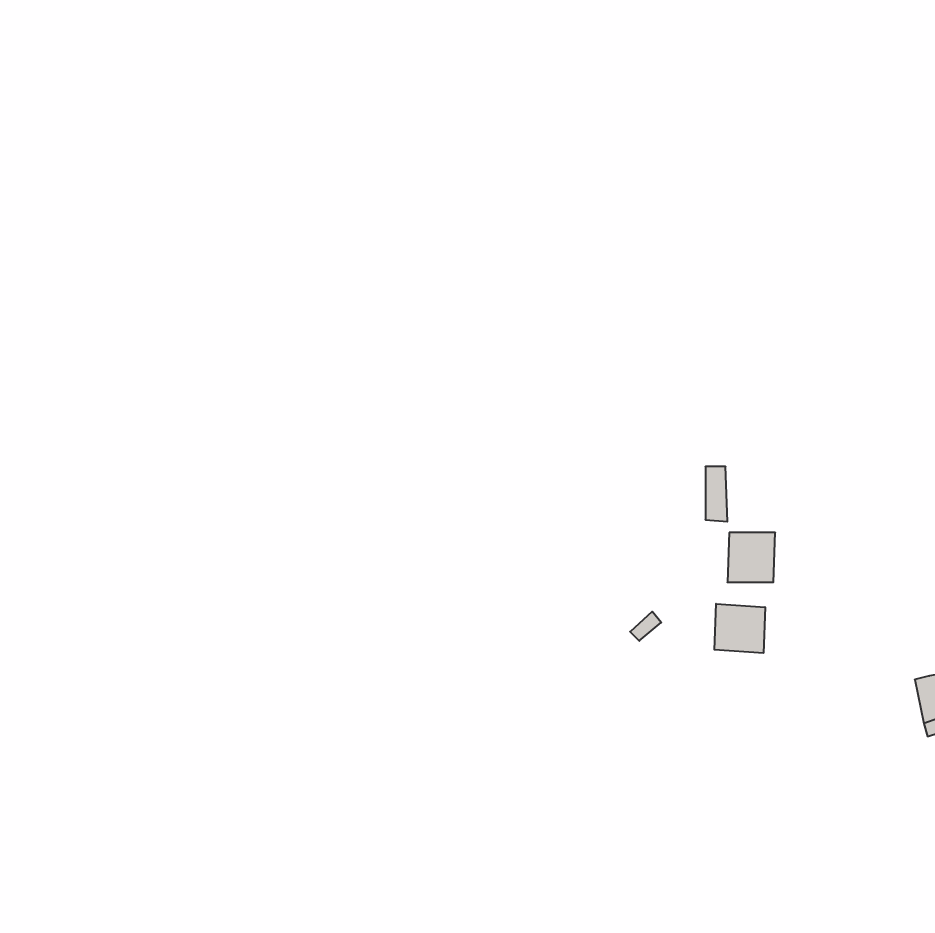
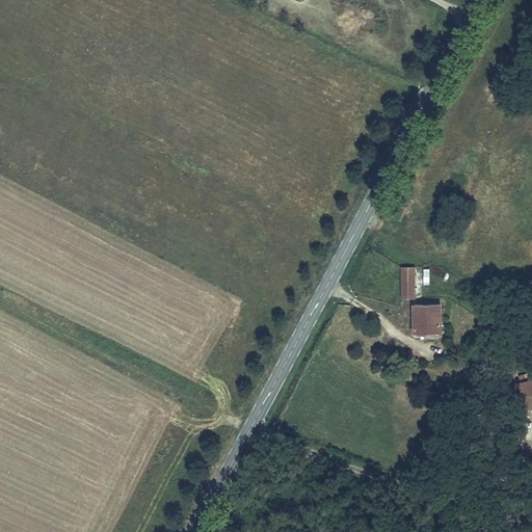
building: [714,604,765,653] -> none

